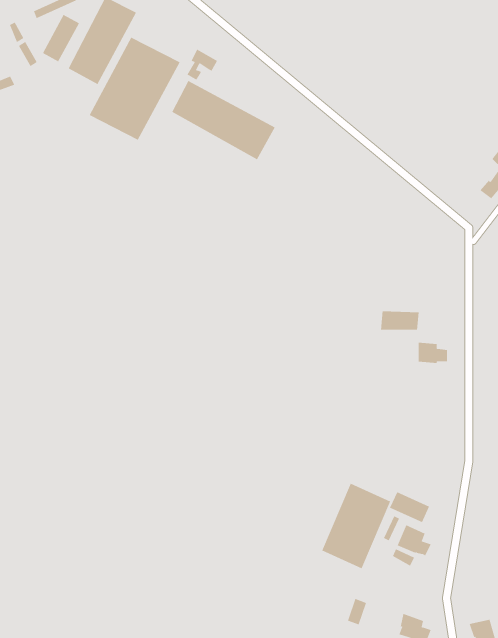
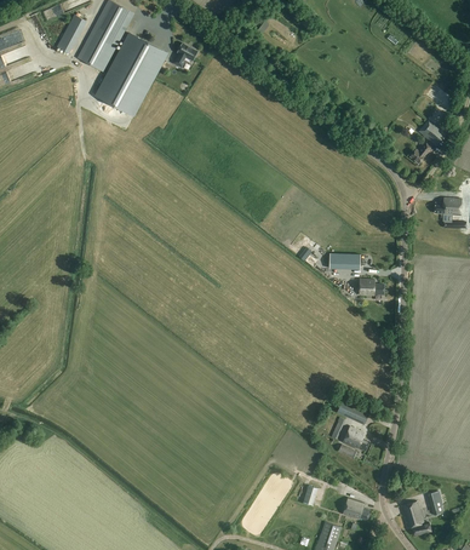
building: [171,80,276,160] -> none
building: [321,483,391,569] -> none

